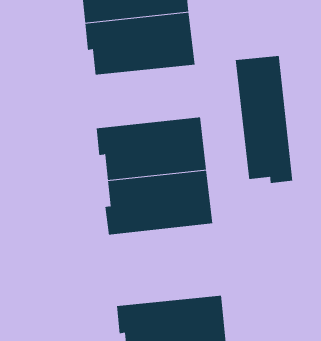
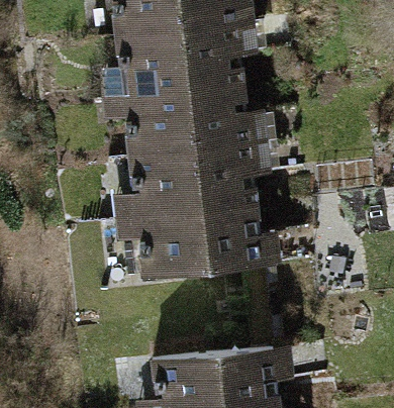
building: [235,55,293,184] -> none
building: none -> [126,82,250,155]

